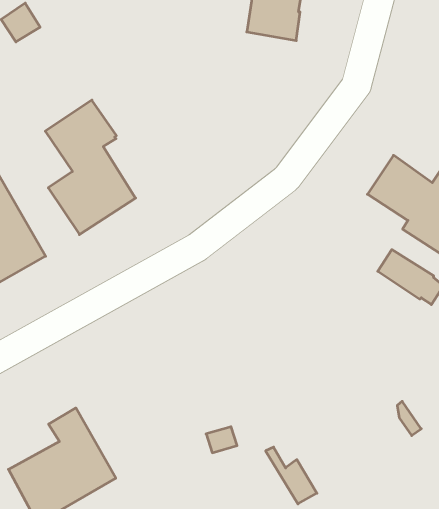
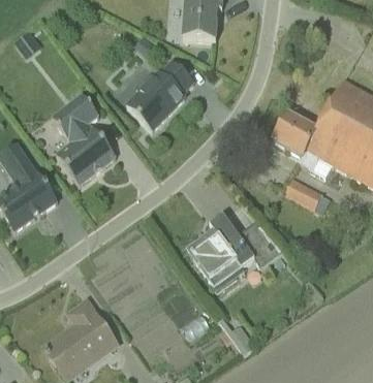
building: none -> [126,59,194,130]
building: none -> [188,215,283,287]

